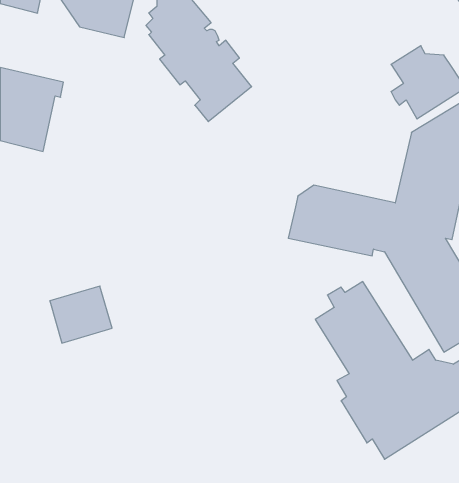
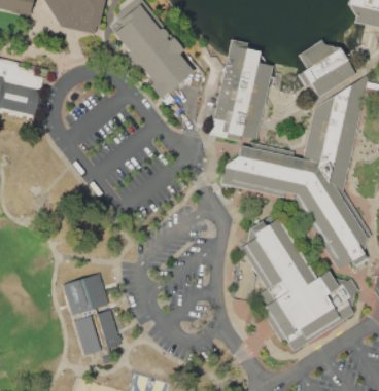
building: none -> [211,38,273,140]
building: [50,286,112,343] -> [62,271,109,314]
building: none -> [73,308,122,354]

